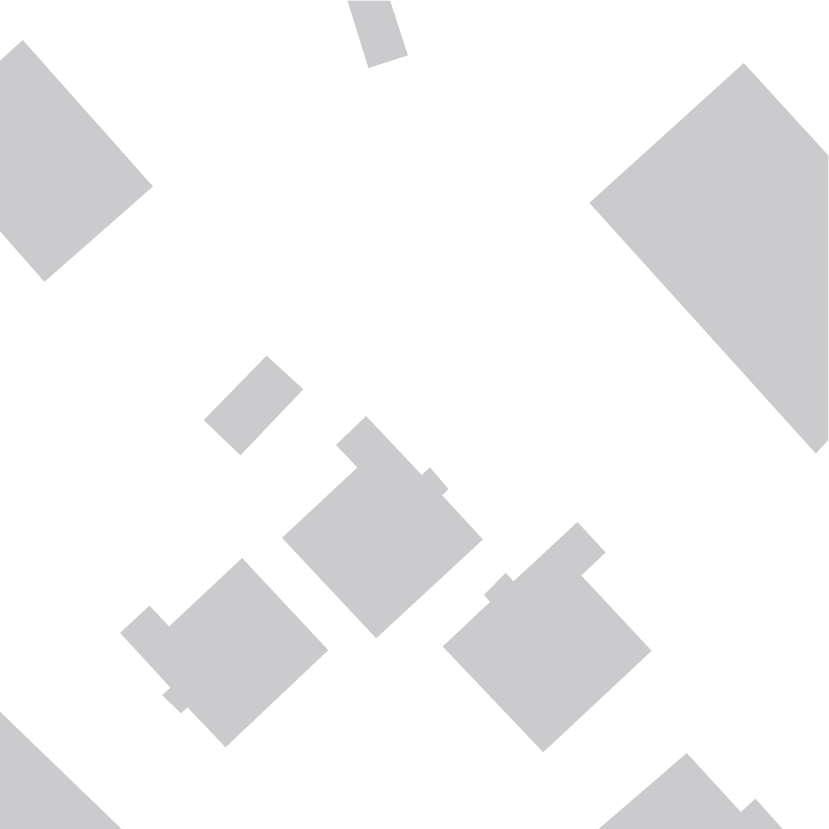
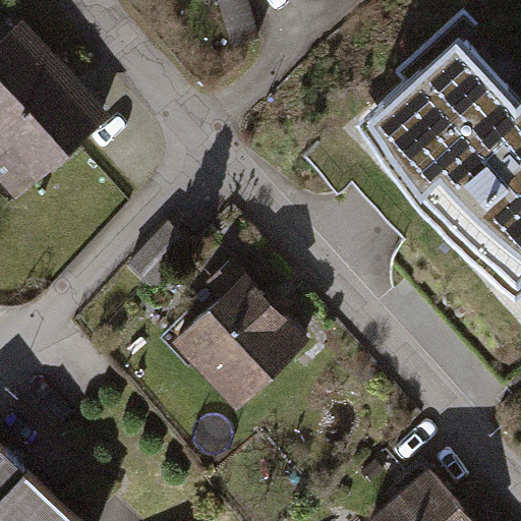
building: [442,521,652,753] -> none
building: [119,557,329,748] -> none

